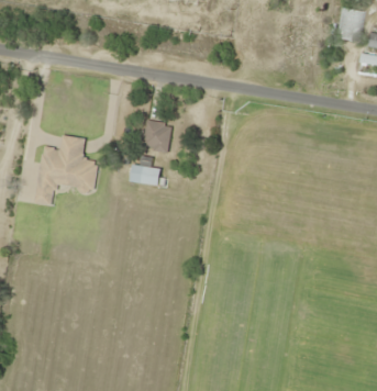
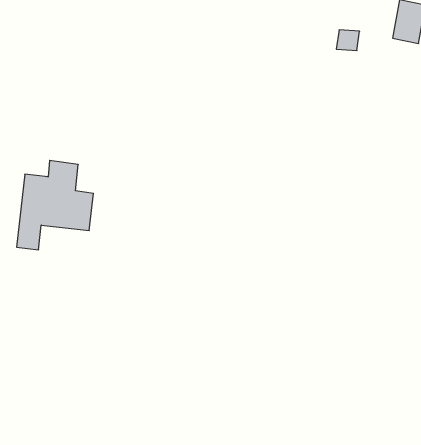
building: [140,120,173,154] -> none
building: [131,167,158,183] -> none

